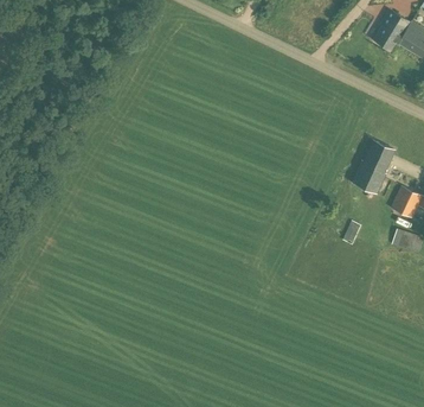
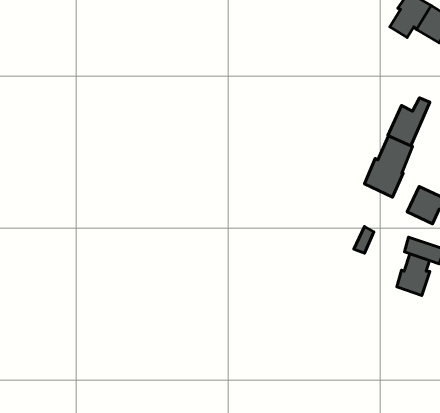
building: none -> [388,98,430,146]
building: none -> [397,254,430,296]

